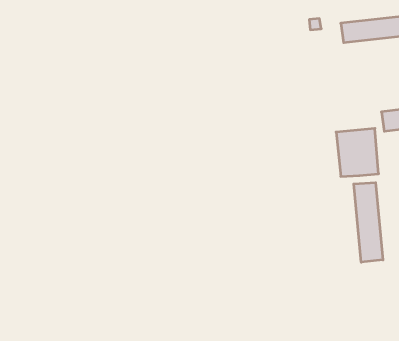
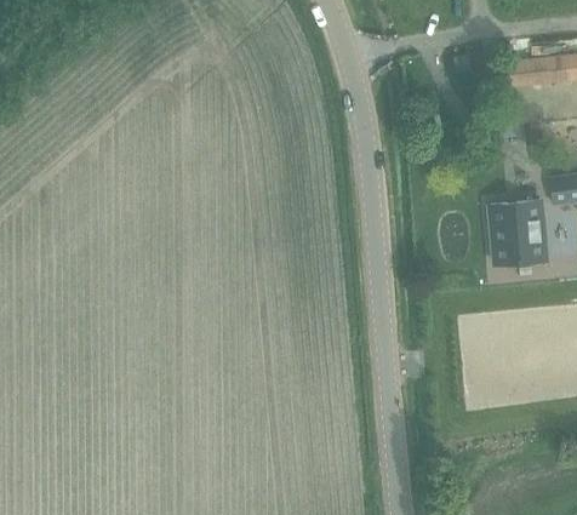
building: [354,183,383,262] -> none

